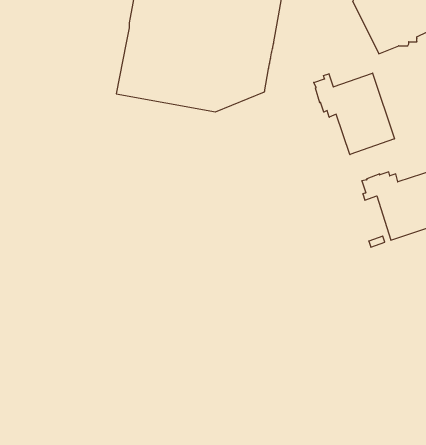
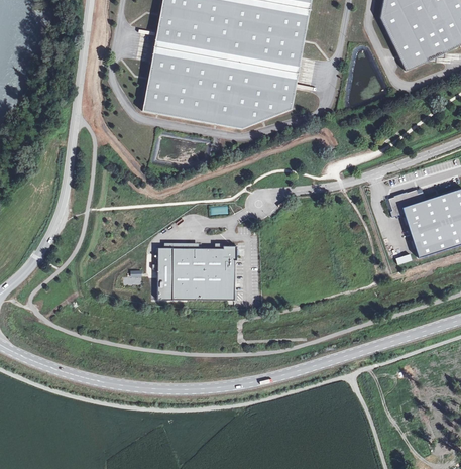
building: [314,73,394,155] -> none
building: none -> [153,244,237,300]

